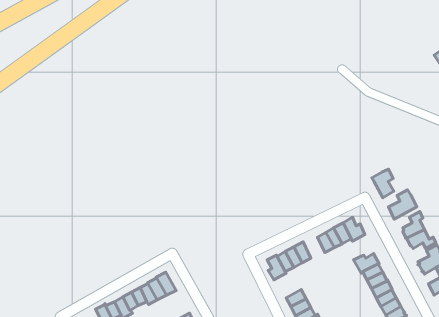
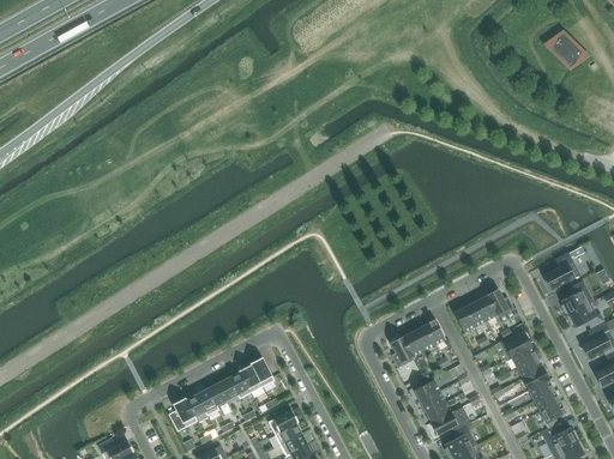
building: none -> [550,34,583,68]
building: [372,169,394,198] -> none

